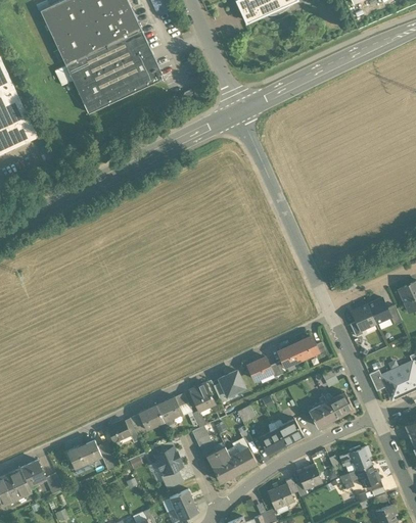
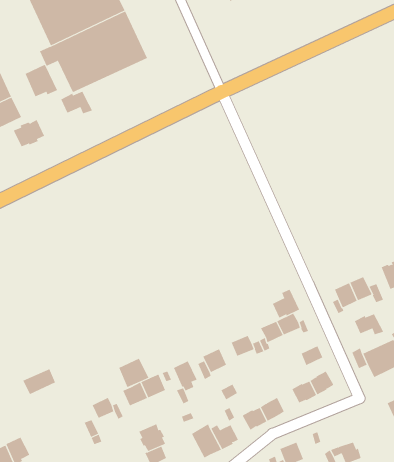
building: none -> [25,64,58,97]
building: none -> [61,91,93,114]
building: none -> [13,119,45,147]
building: none -> [272,289,300,319]
building: none -> [354,313,384,335]
building: none -> [118,358,149,388]
building: [66,440,100,467] -> [22,368,56,395]
building: [339,446,371,470] -> none

